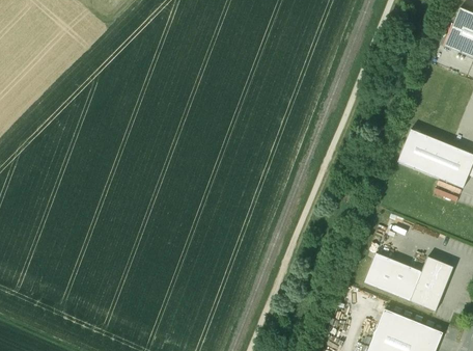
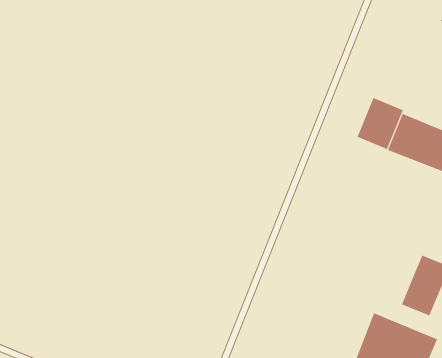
building: none -> [357,97,403,150]
building: [364,252,422,301] -> none

